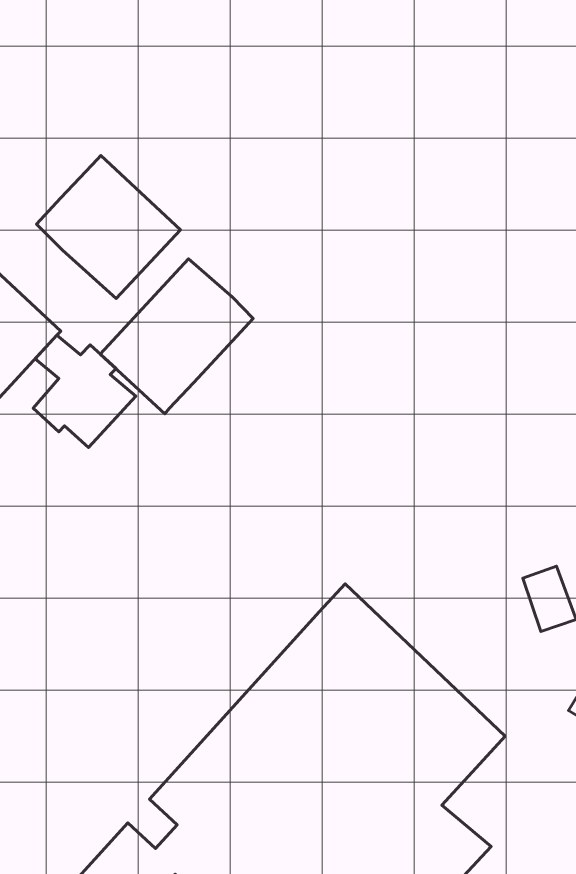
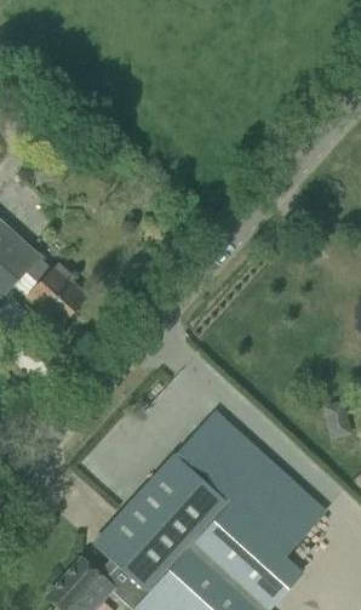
building: [36,155,181,299] -> none
building: [100,259,253,414] -> none

